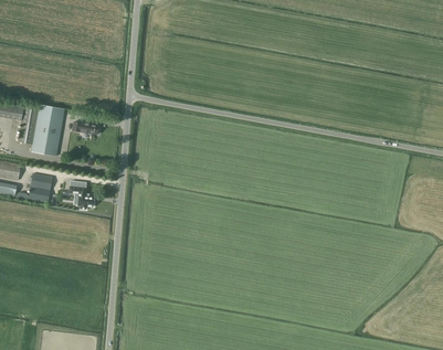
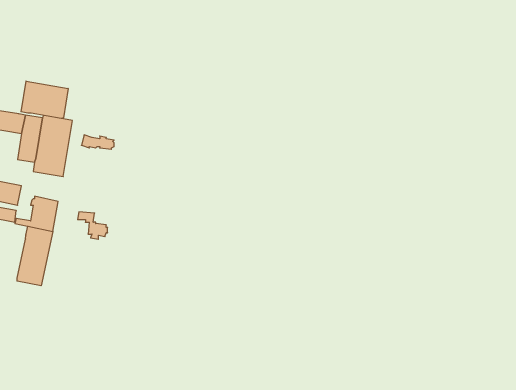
building: none -> [21,81,68,118]
building: none -> [17,226,53,286]

